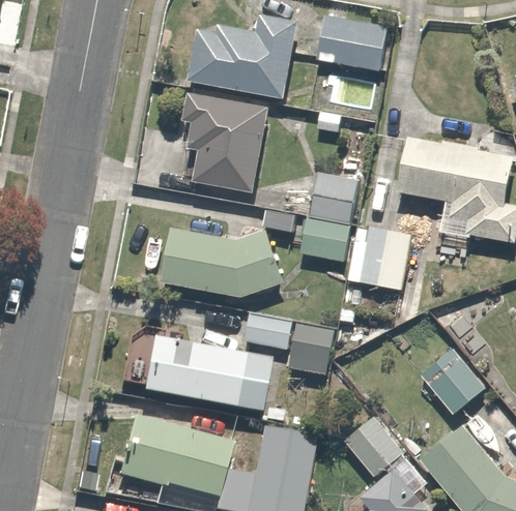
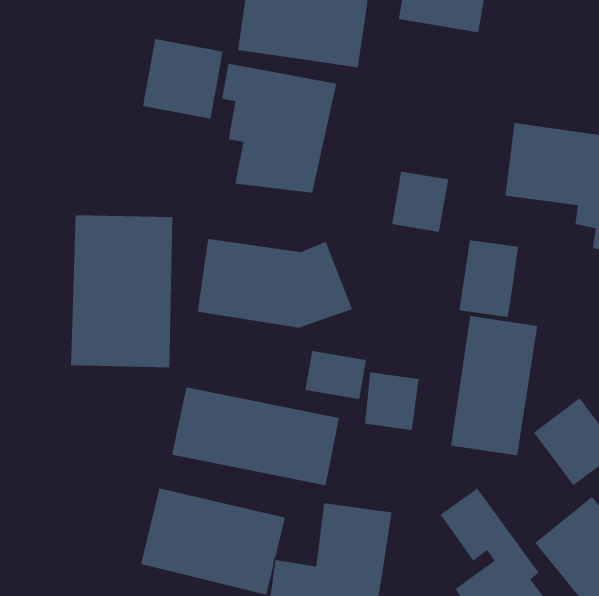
building: none -> [142,38,224,119]
building: none -> [70,215,173,368]
building: [300,219,344,259] -> none
building: none -> [450,315,538,456]

